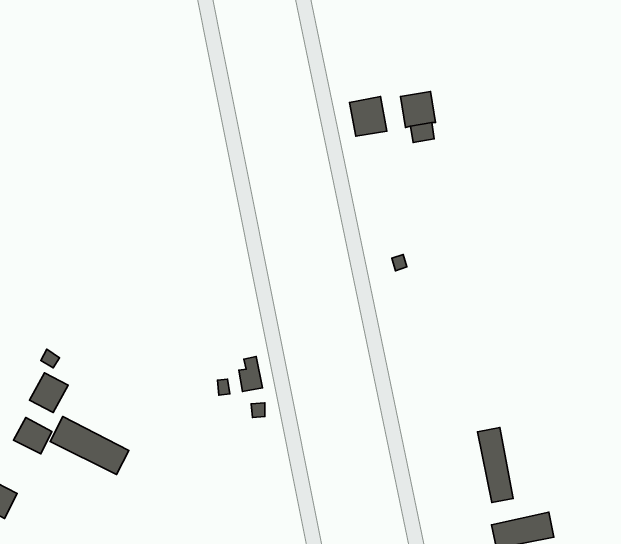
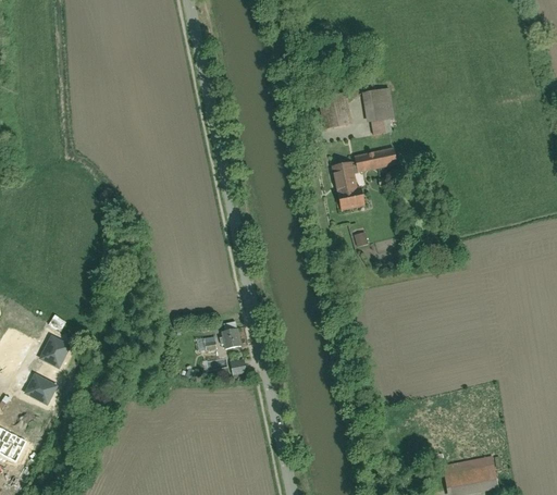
building: none -> [331,147,396,210]
building: [50,416,129,474] -> none
building: [478,427,513,502] -> none

